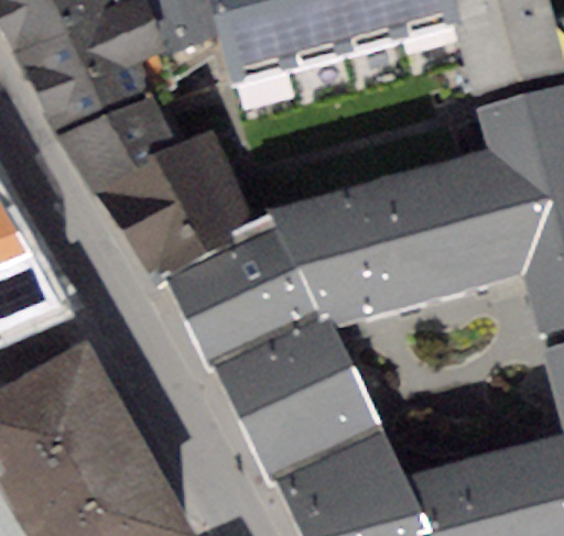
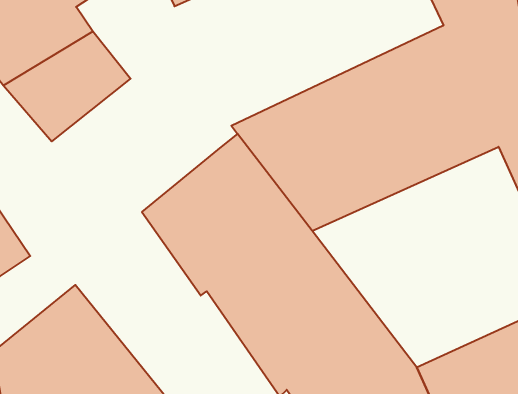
building: [91,132,253,278] -> none

